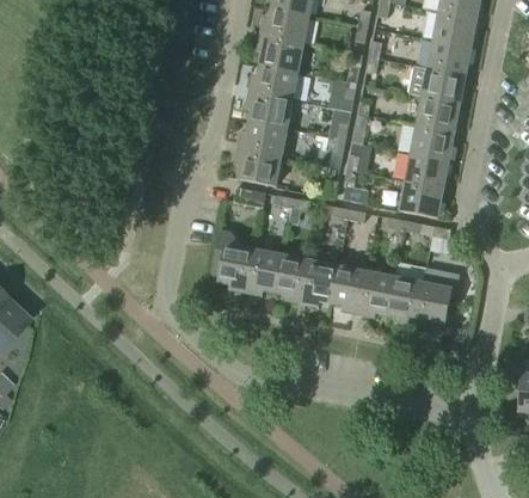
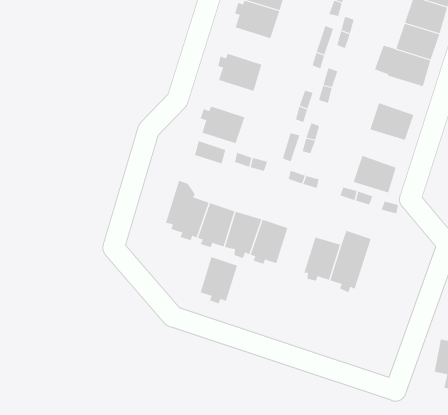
building: [251,66,299,100] -> none
building: [417,97,461,134] -> none
building: [240,122,288,156] -> none
building: [406,154,449,190] -> none
building: [332,265,368,313] -> [200,257,238,304]
building: [416,266,460,328] -> none

